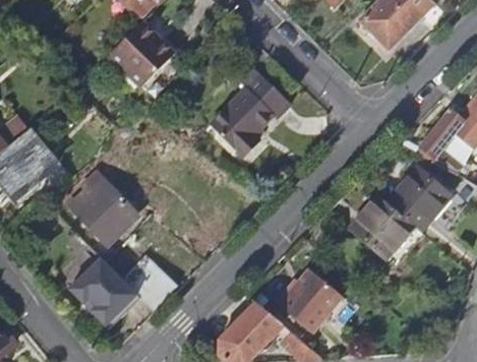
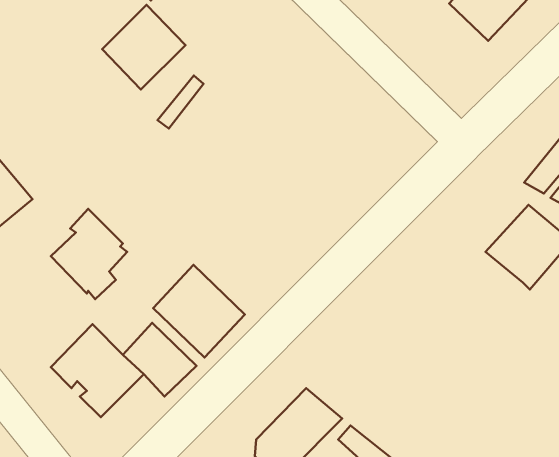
building: [211,68,292,158] -> none
building: [352,195,416,259] -> none
building: none -> [153,265,245,358]
building: [269,260,332,323] -> none

